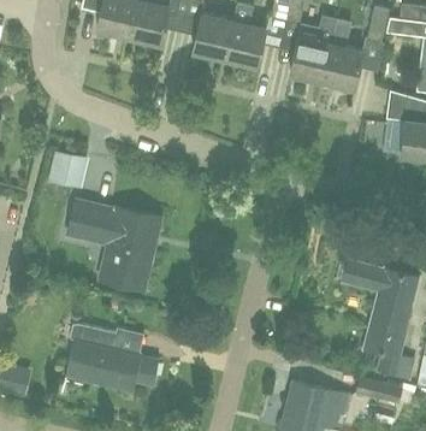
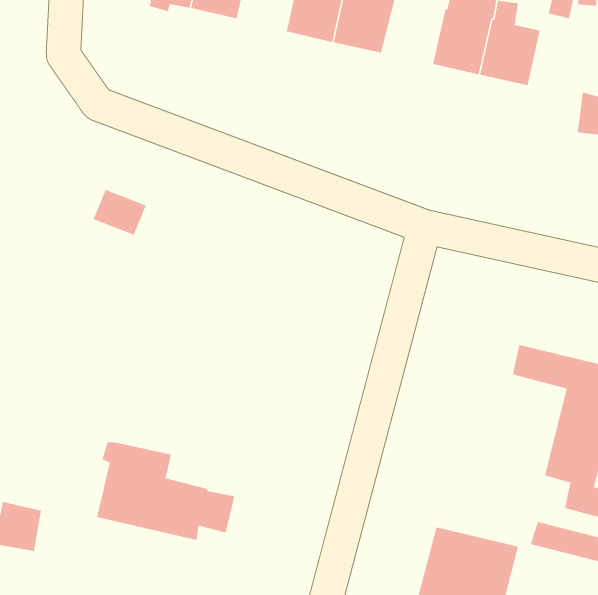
building: [66,201,161,291] -> none

